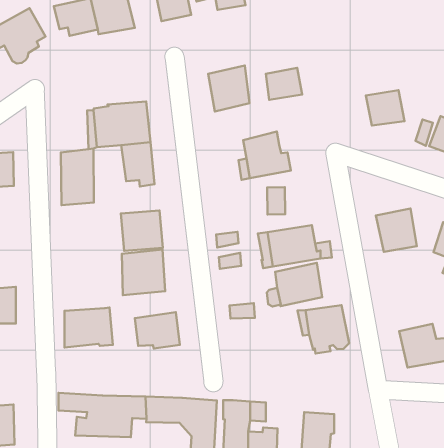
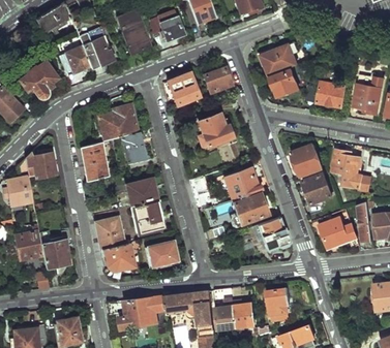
building: none -> [261,42,299,75]
building: none -> [303,175,331,204]
building: none -> [94,216,125,250]

